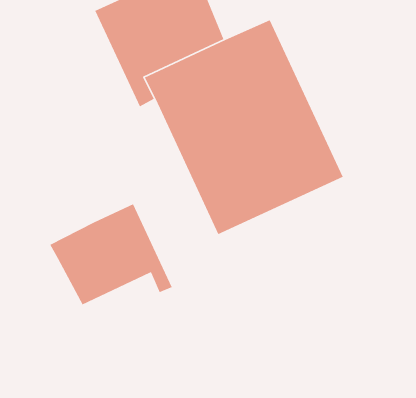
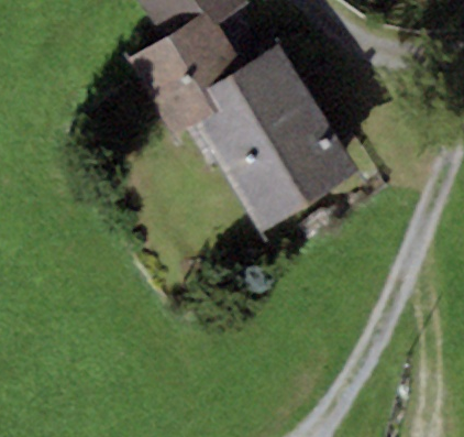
building: [49,203,173,305] -> none

